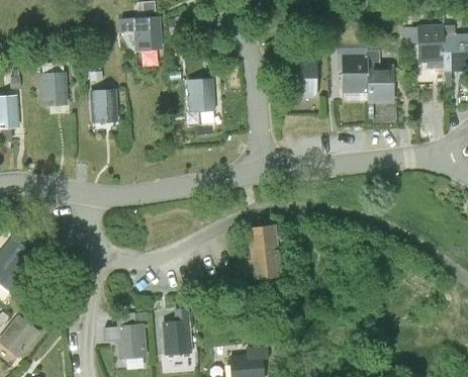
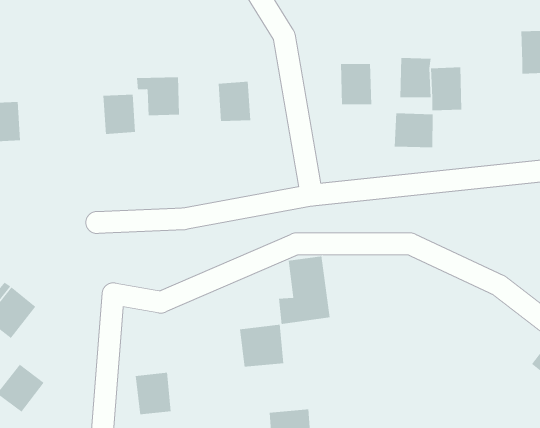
building: [123,14,161,48] -> [136,77,180,116]
building: [417,22,445,60] -> none
building: [37,71,67,105] -> none
building: none -> [394,112,433,148]
building: [162,319,200,356] -> [239,324,284,367]

